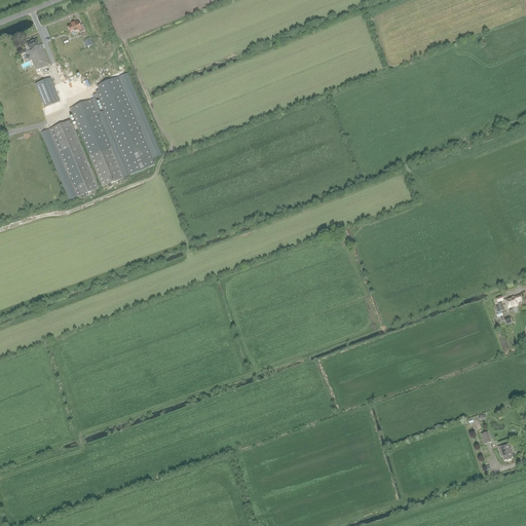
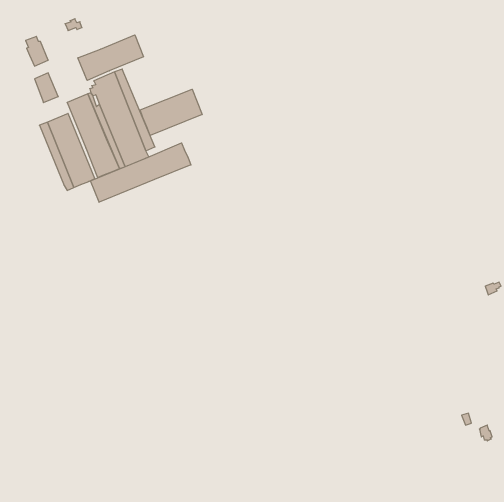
building: none -> [78,35,143,80]
building: none -> [140,89,202,135]
building: none -> [91,143,191,202]

